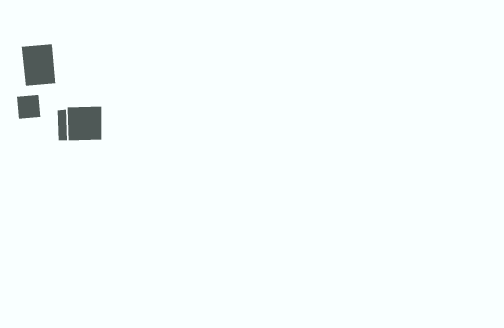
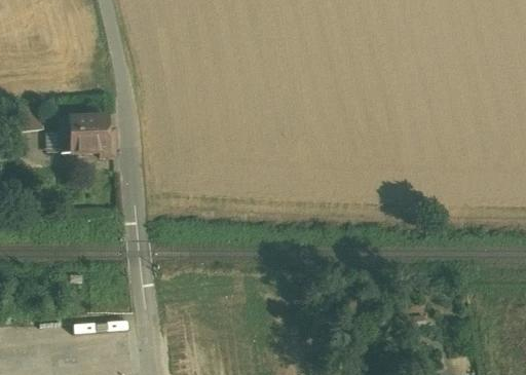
building: [21,44,56,87] -> none

